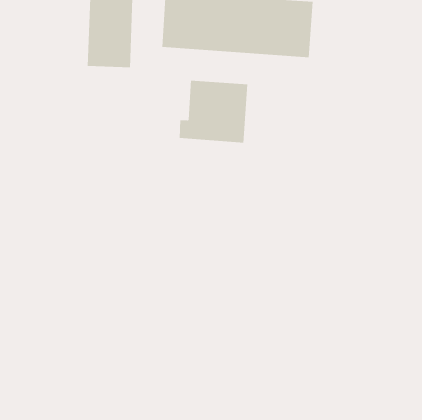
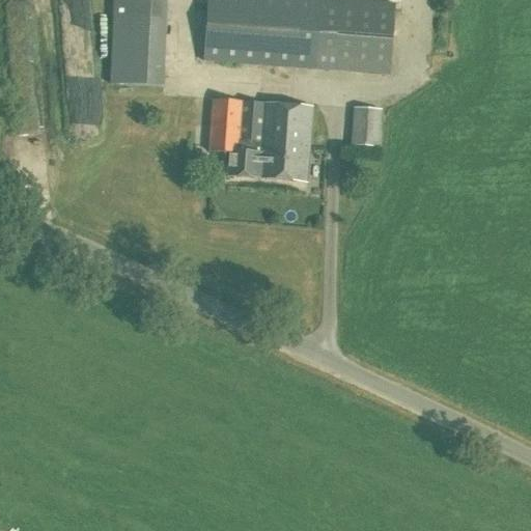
building: none -> [207,99,240,150]
building: none -> [351,106,382,145]

